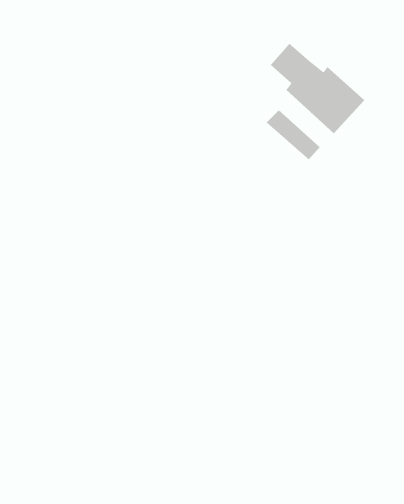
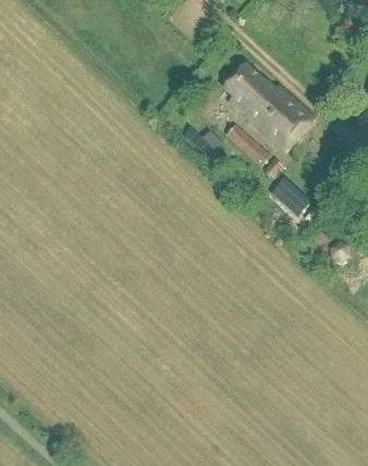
building: none -> [267,173,305,210]

